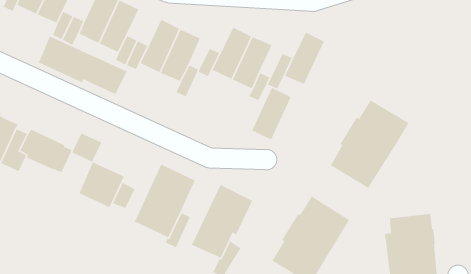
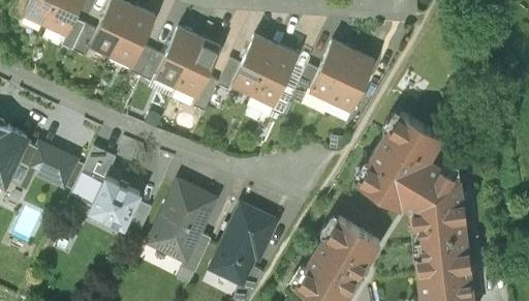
building: [38,35,128,95] -> none
building: [251,87,292,140] -> [332,52,375,109]
building: none -> [403,161,466,240]

